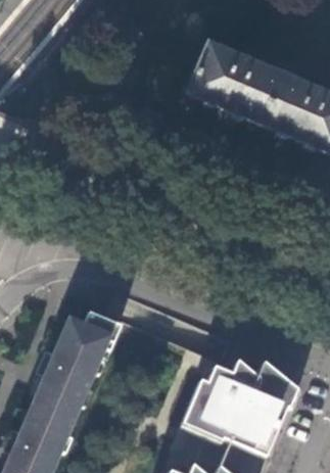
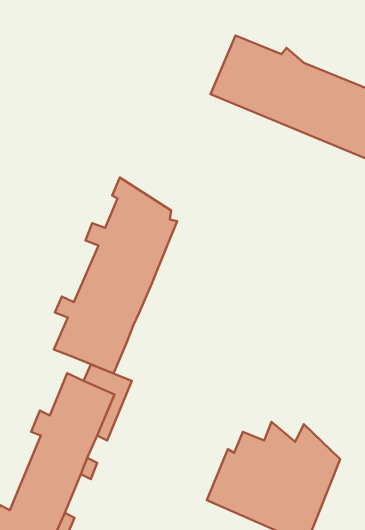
building: none -> [54,178,177,373]

